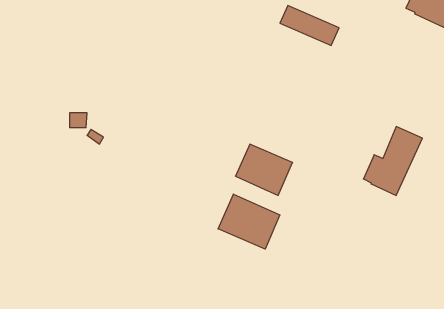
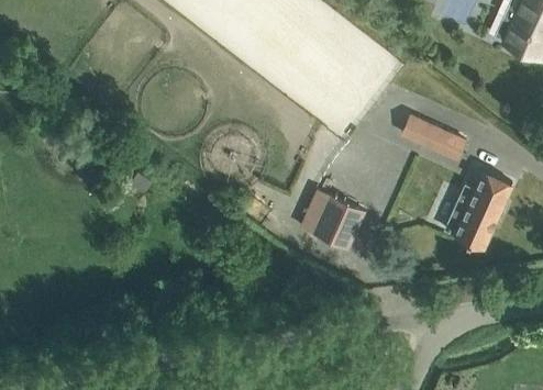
building: [280,6,339,45] -> [399,114,466,159]
building: [218,194,280,249] -> none

